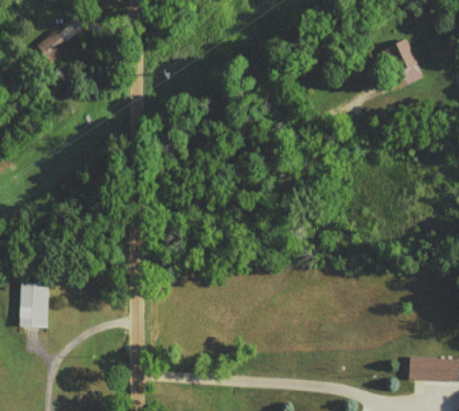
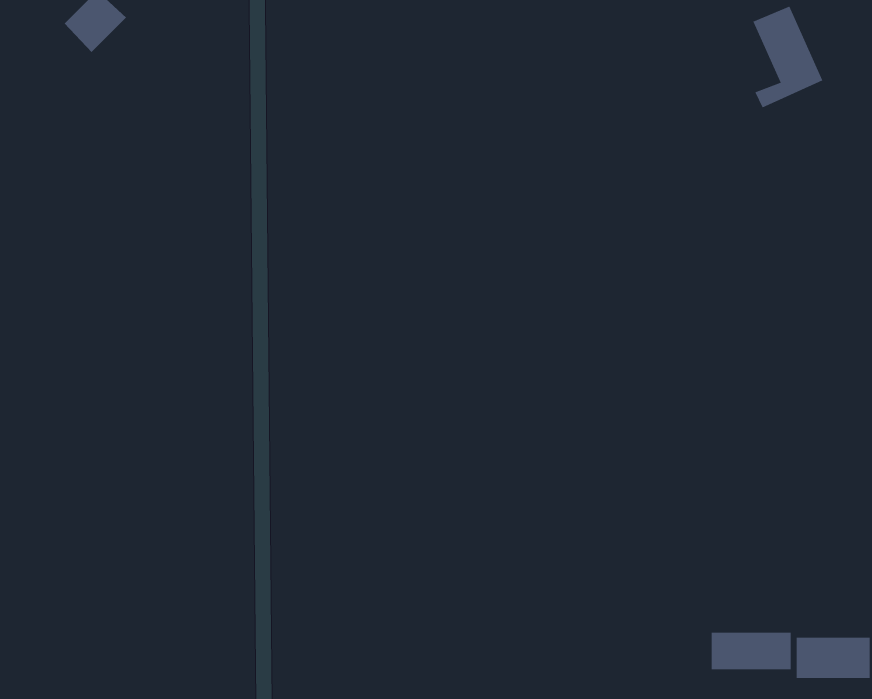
building: [21,282,49,327] -> none
building: none -> [711,632,791,670]

